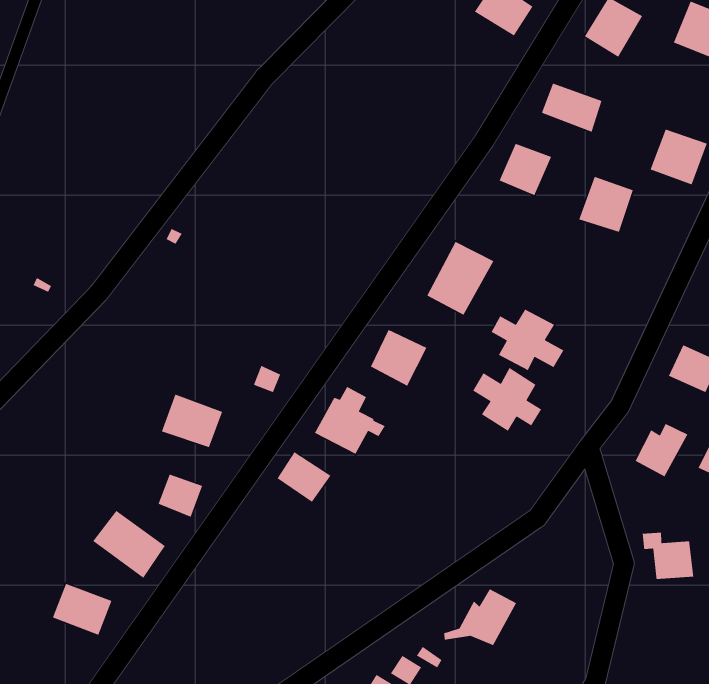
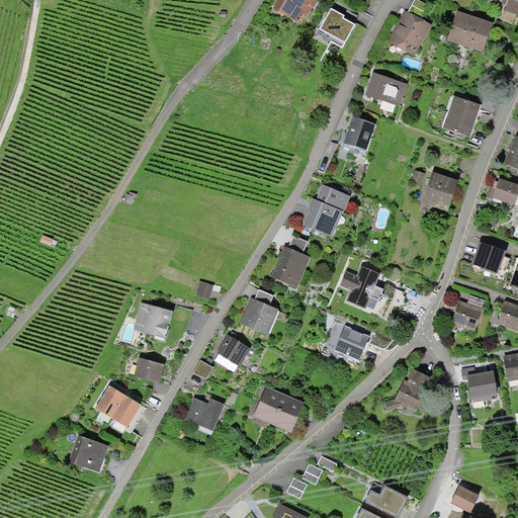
building: [578,176,634,233] -> [424,174,459,210]
building: [490,309,565,371] -> none
building: none -> [335,327,369,359]
building: none -> [183,394,223,428]
building: none -> [255,388,305,433]
building: [443,588,517,646] -> [385,371,433,410]

